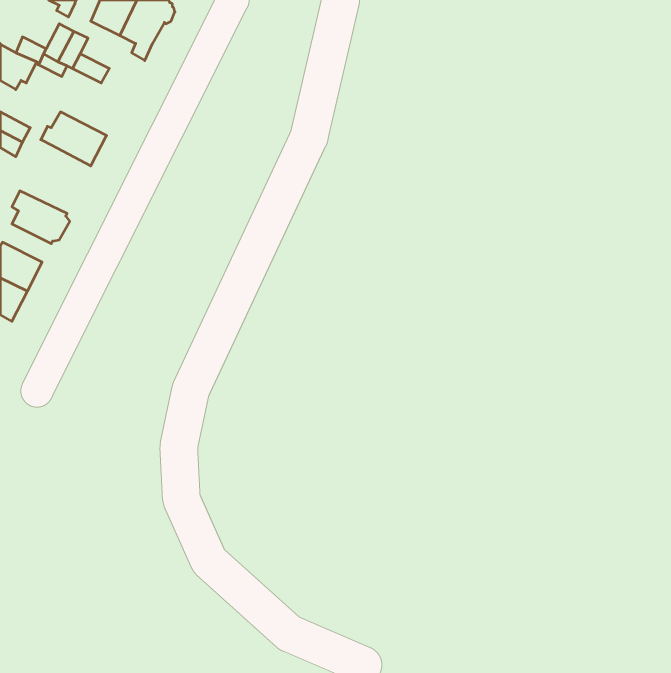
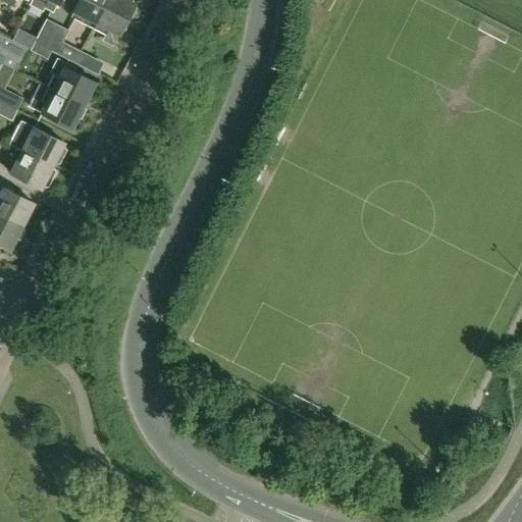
building: none -> [48,58,96,105]
building: none -> [9,121,66,165]

